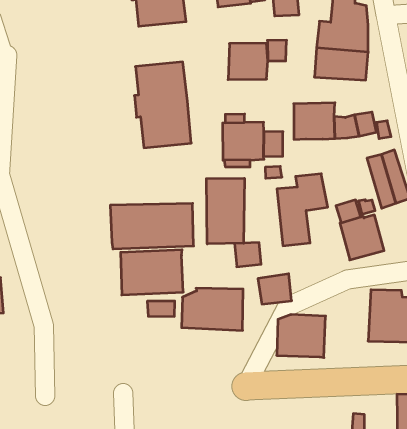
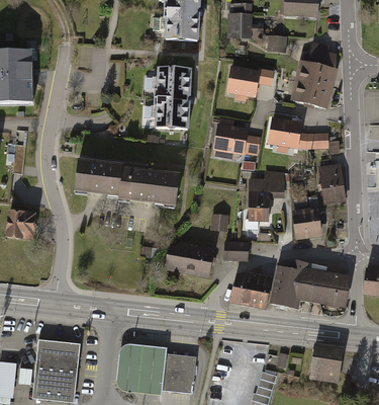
building: [206,178,244,244] -> none
building: [121,250,183,295] -> [76,161,125,197]
building: none -> [268,258,306,309]

